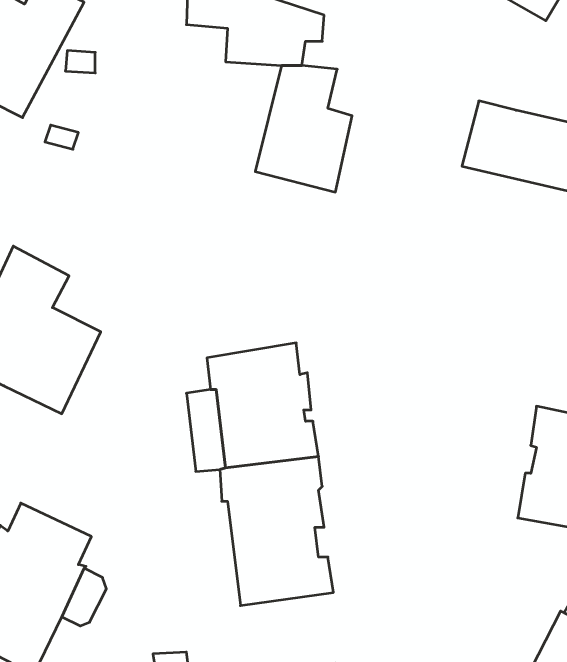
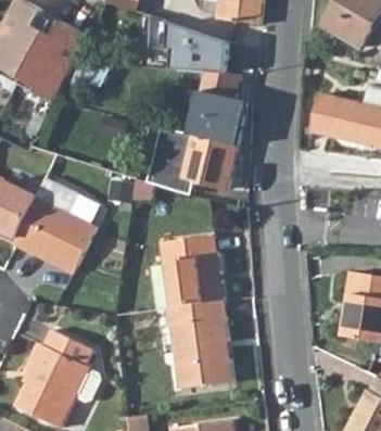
building: none -> [143,127,233,189]

